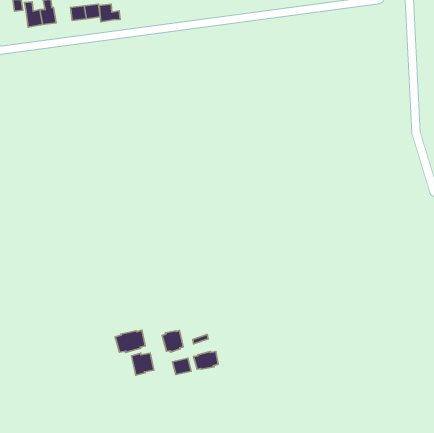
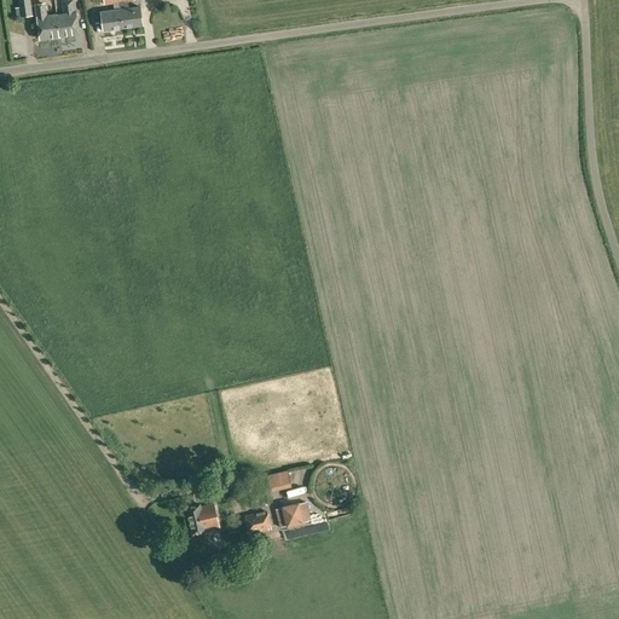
building: [99,4,120,22] -> none
building: [115,330,145,352] -> none
building: [162,331,183,352] -> none

